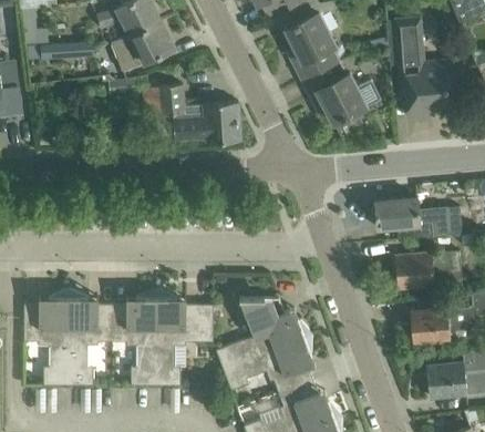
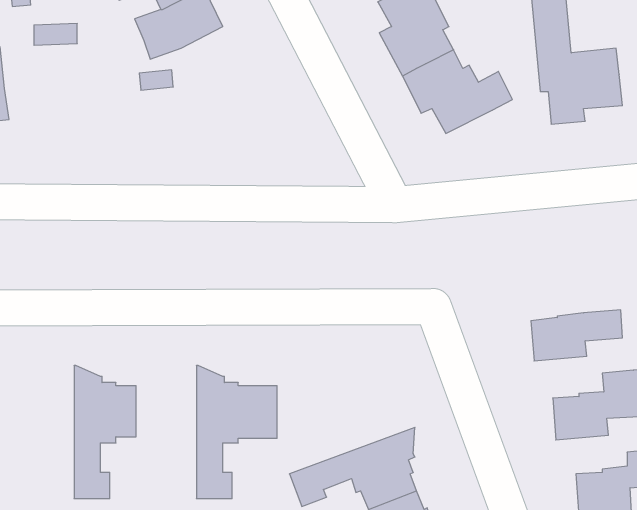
building: [142,85,240,143] -> none
building: [374,197,462,237] -> none
building: [23,290,68,385] -> none
building: [112,290,155,385] -> none
building: [215,298,311,368] -> none

